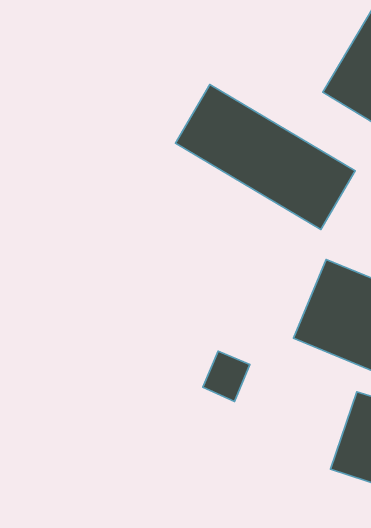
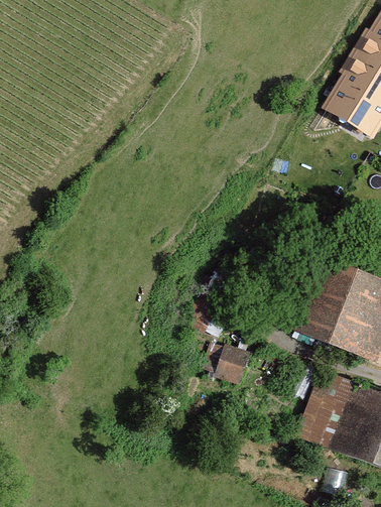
building: [176,84,355,230] -> none
building: none -> [296,368,355,452]

